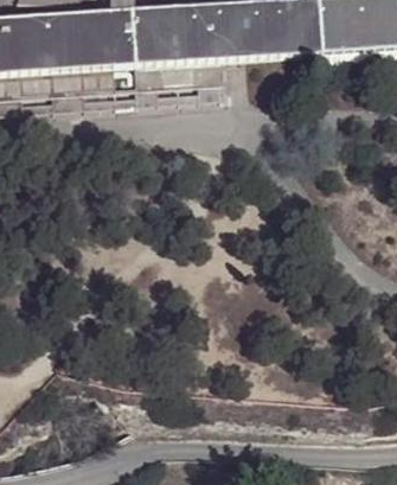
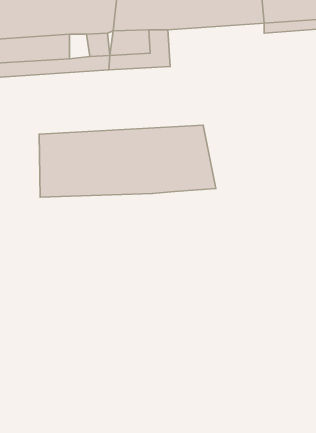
building: none -> [39,125,216,197]

